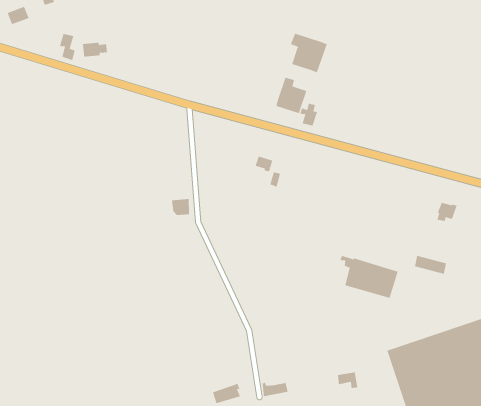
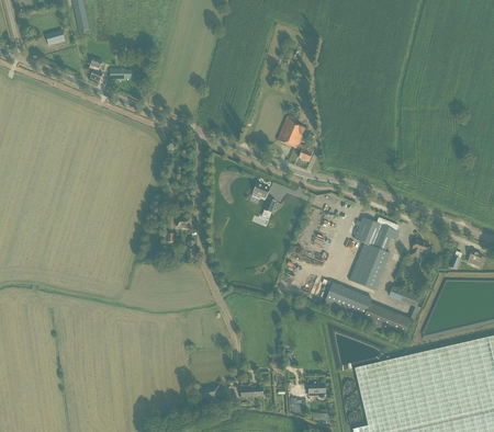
building: [290,33,327,73] -> none
building: none -> [349,217,398,291]

